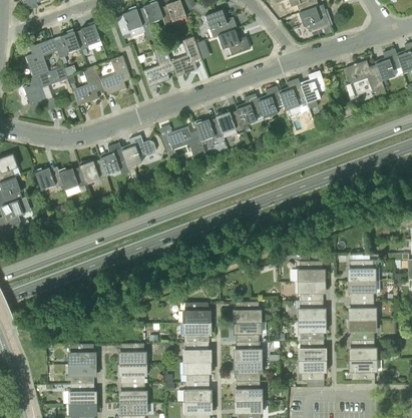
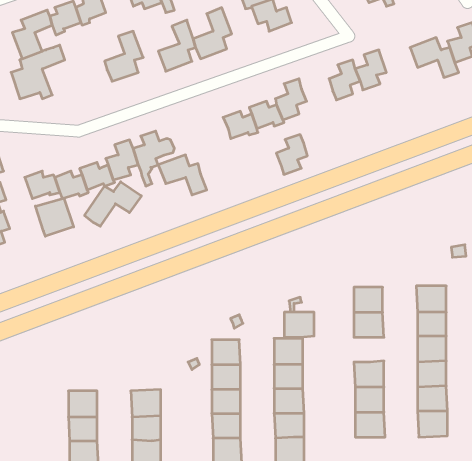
building: [71,65,101,106] -> none
building: [258,86,283,118] -> [276,135,307,174]
building: [166,126,205,158] -> [158,155,207,195]
building: none -> [85,182,141,226]
building: none -> [35,198,74,236]
building: [300,301,324,321] -> [284,312,314,337]

